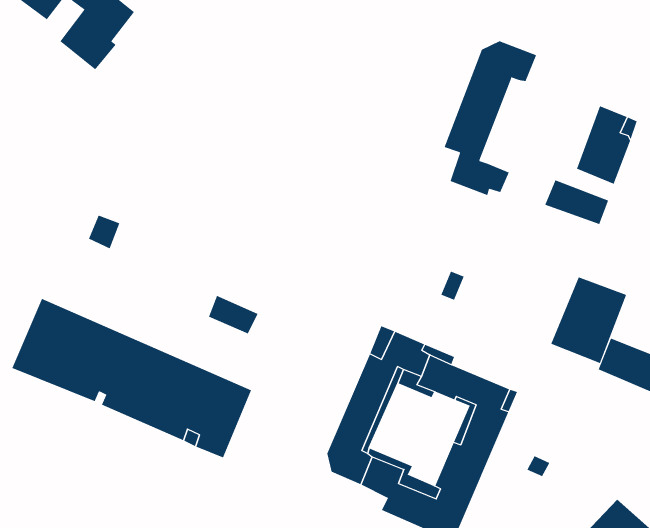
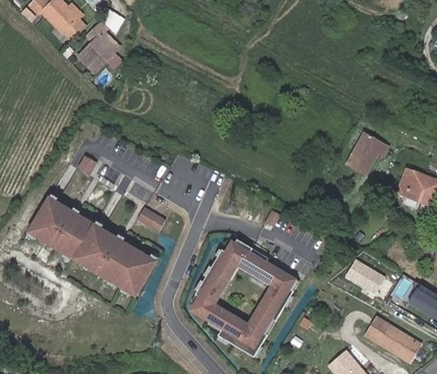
building: [444,41,537,196] -> none
building: [544,179,609,225] -> none
building: [551,277,627,364] -> none

